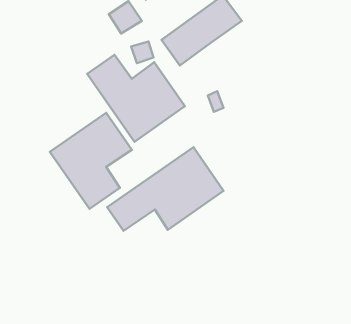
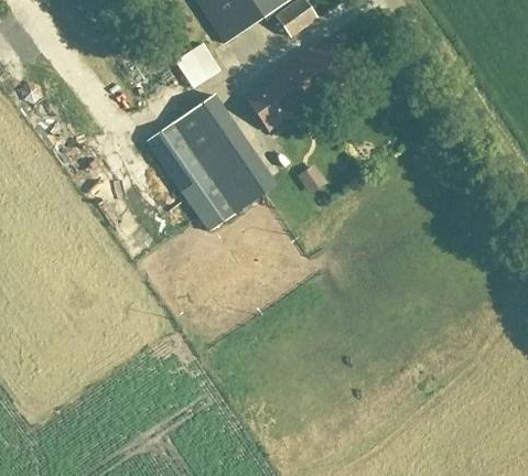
building: [50,113,132,209] -> none
building: [107,147,224,231] -> none

